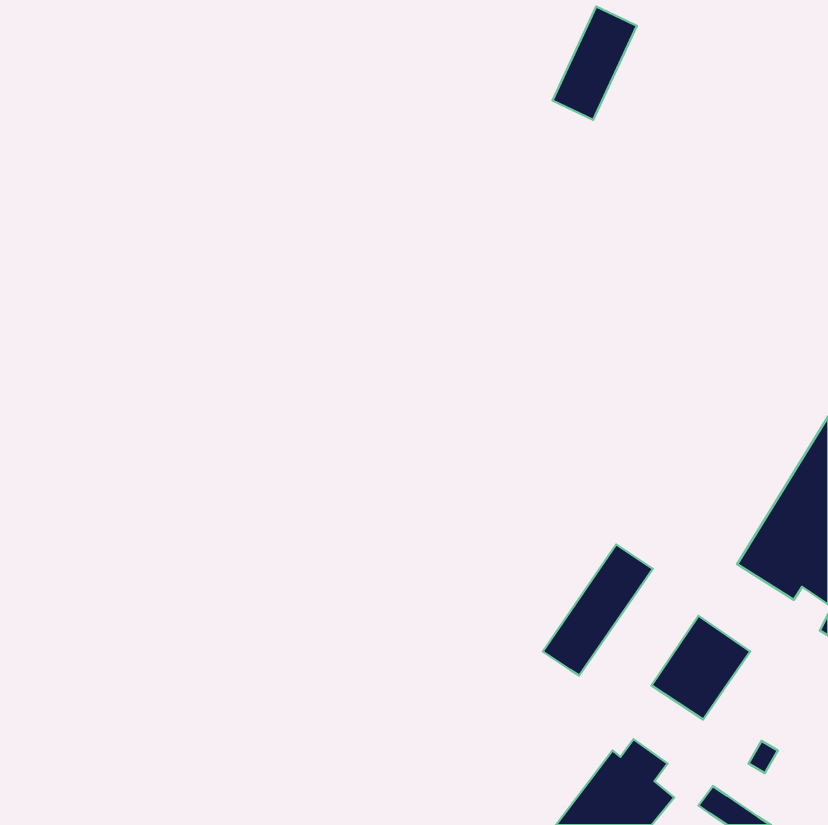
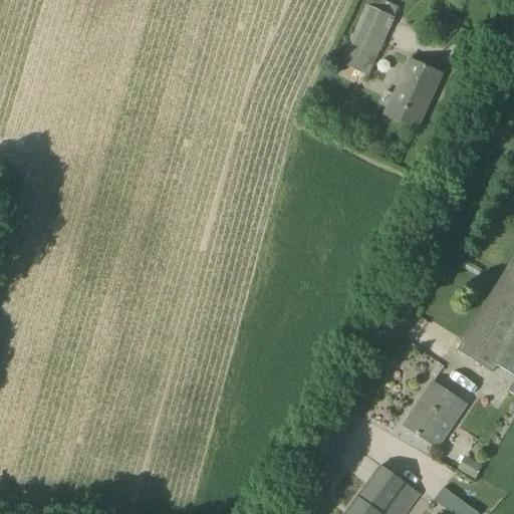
building: none -> [384,58,441,127]
building: [543,544,653,676] -> none

